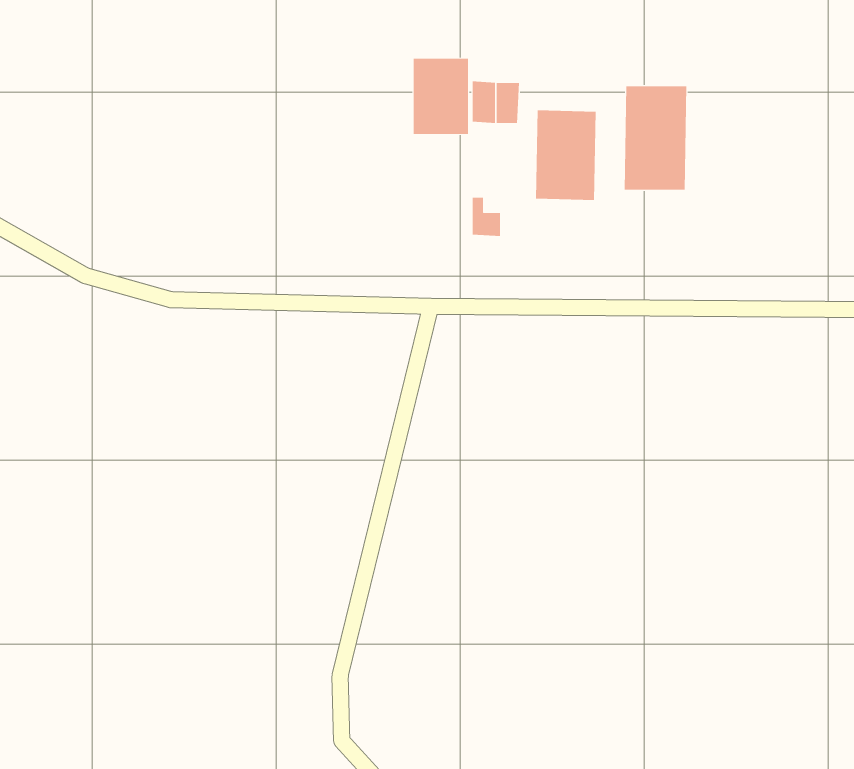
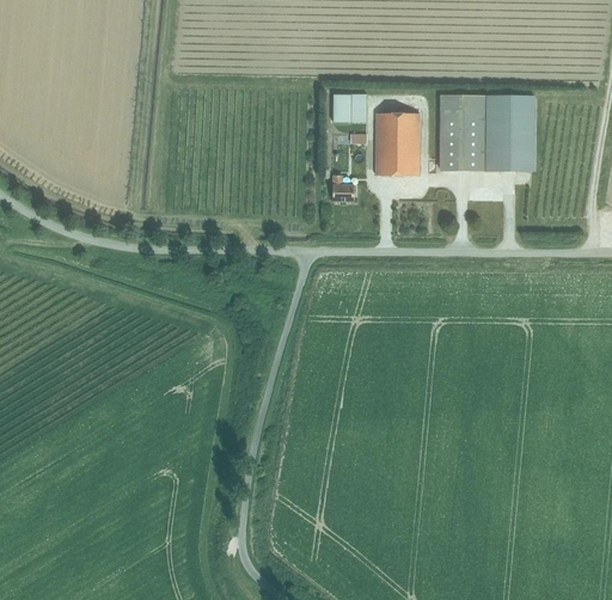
building: [413,58,468,135] -> none
building: none -> [485,96,534,169]

